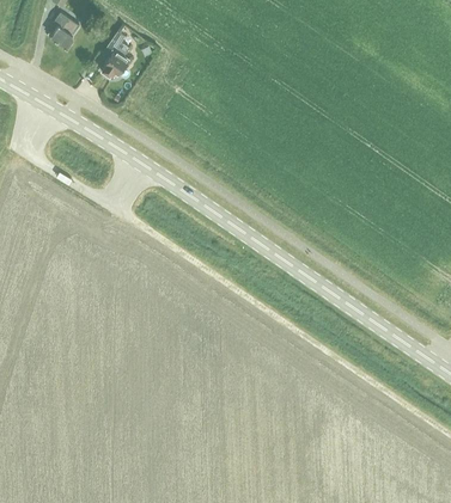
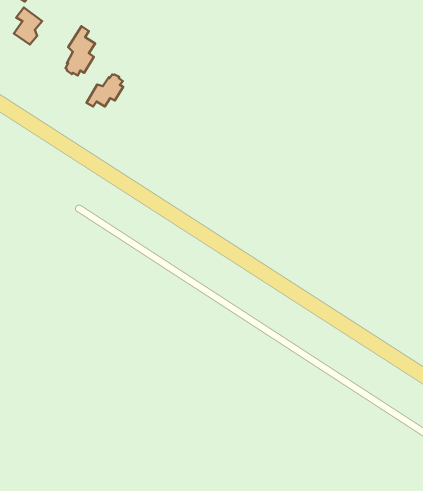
building: none -> [86,75,123,107]

